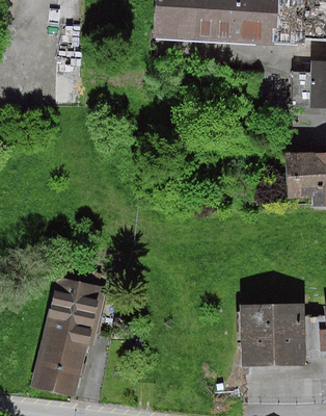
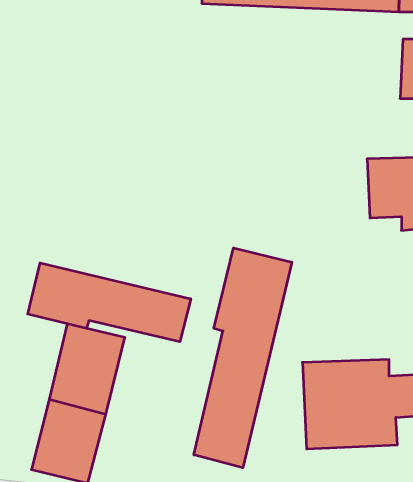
building: none -> [194,248,292,468]
building: none -> [28,263,191,342]

